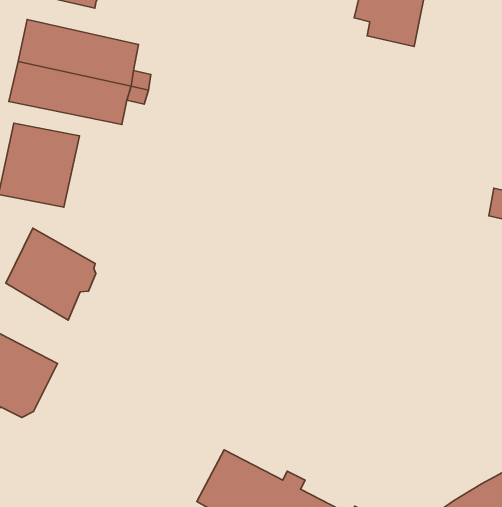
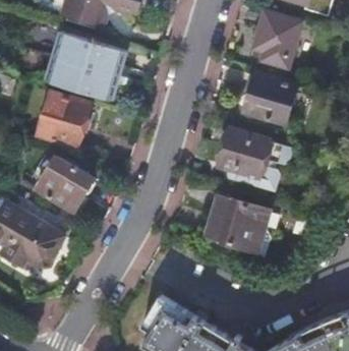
building: none -> [241,70,298,121]
building: none -> [219,127,293,189]
building: none -> [205,191,271,248]

